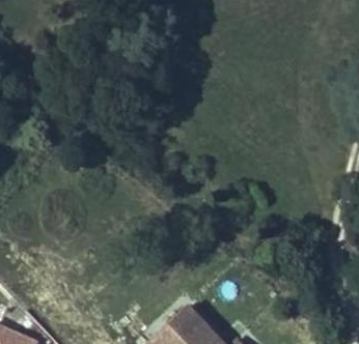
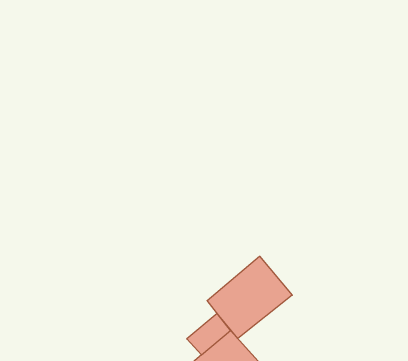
building: none -> [207,256,292,338]

